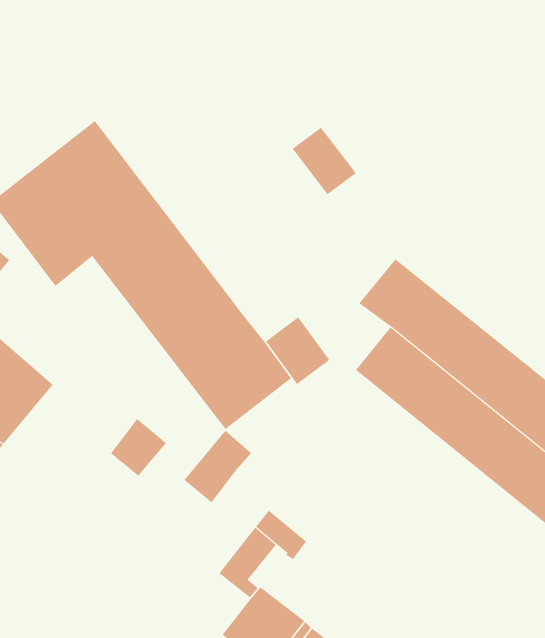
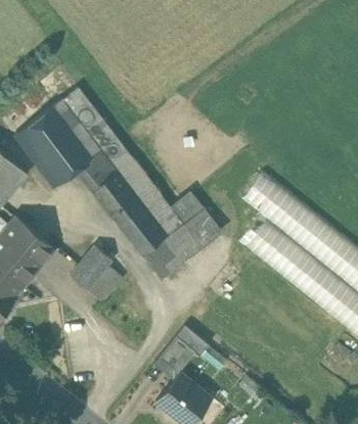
building: [292,127,357,195] -> none
building: none -> [171,191,204,222]
building: [184,430,252,503] -> [71,245,113,290]

